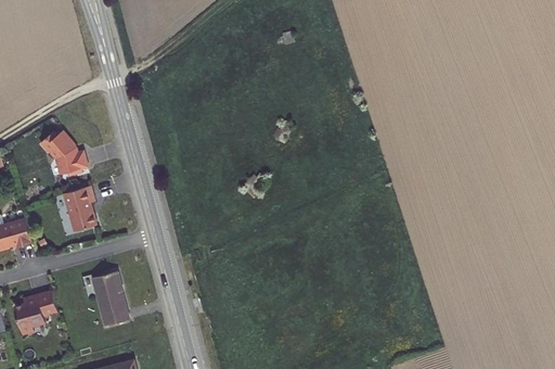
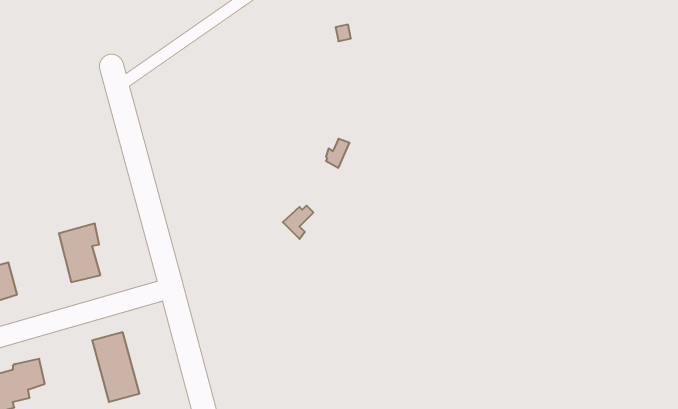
building: [39,130,88,177] -> none

